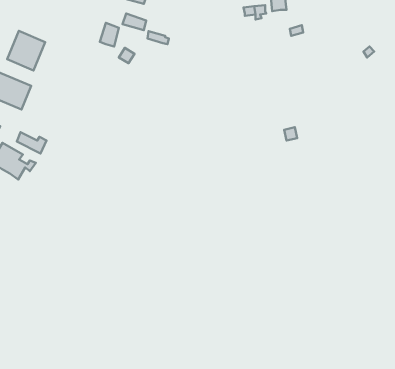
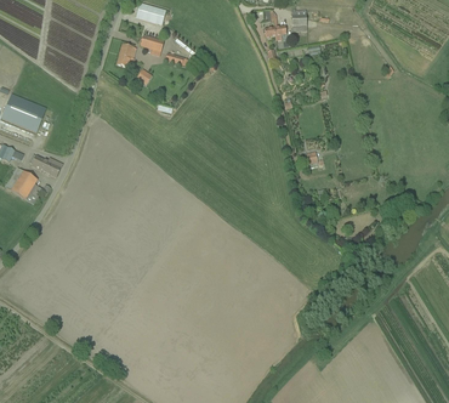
building: [7,31,45,70] -> none

